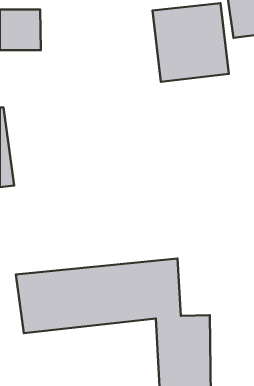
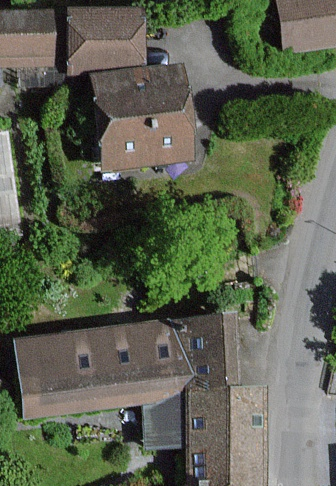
building: [153,3,229,82] -> [97,71,191,168]
building: none -> [72,10,141,70]

